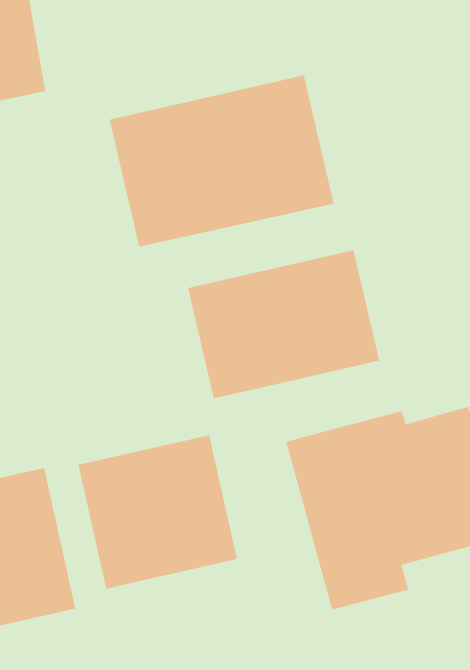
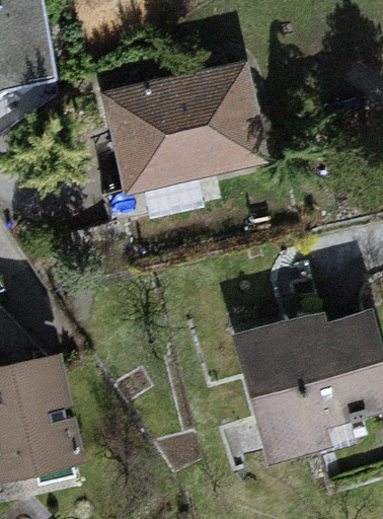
building: [188,249,380,399] -> none
building: [78,434,237,589] -> none

